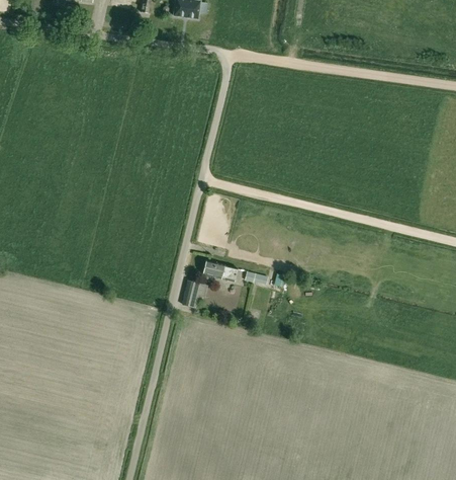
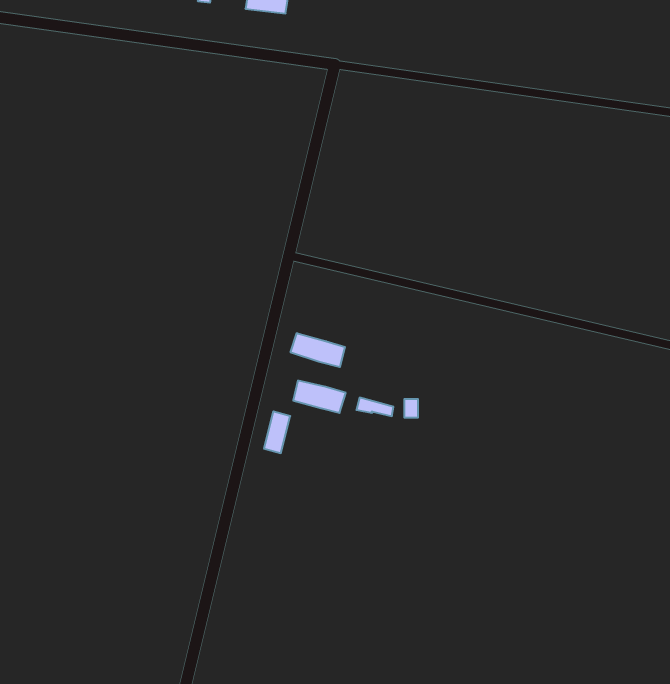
building: none -> [291,333,345,367]

